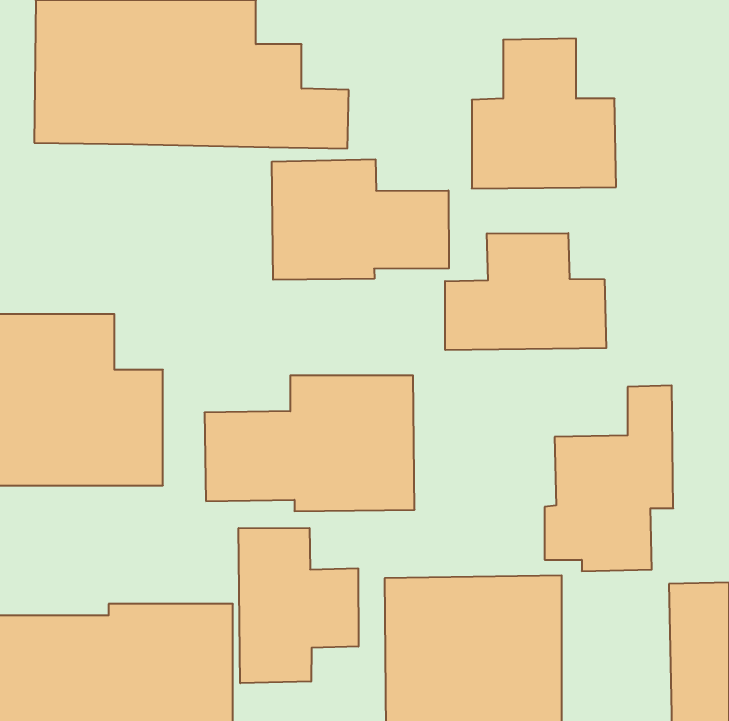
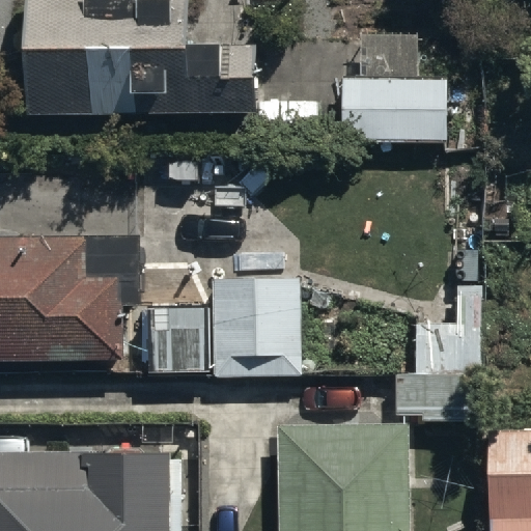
building: [272,159,449,280] -> none
building: [445,233,606,350] -> none
building: [239,528,358,683] -> none

